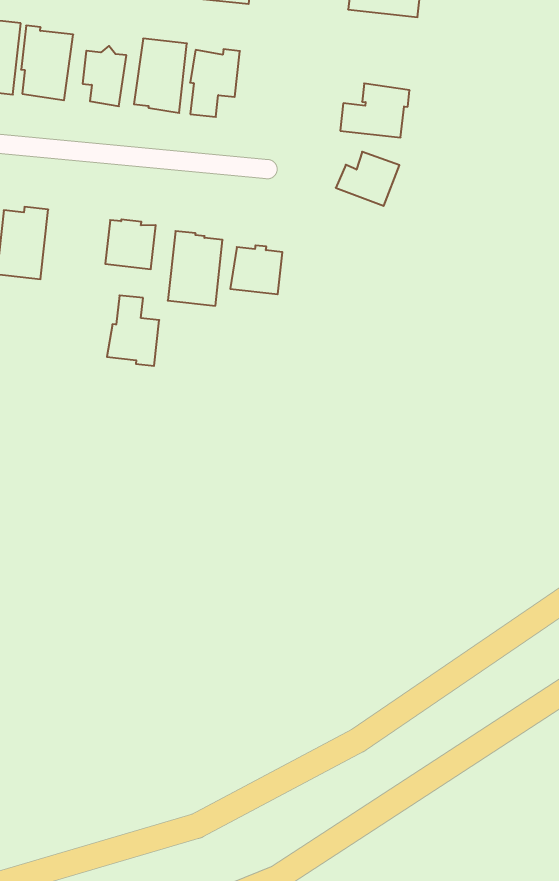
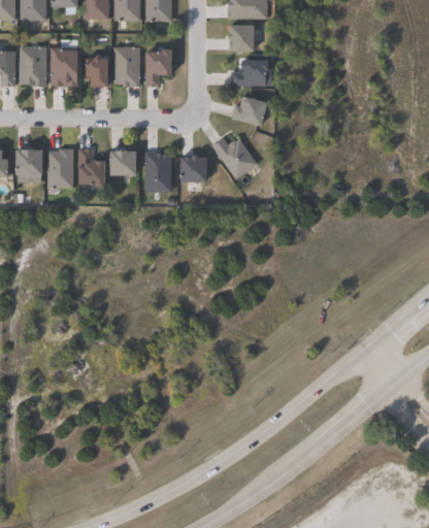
building: none -> [227,24,253,51]
building: none -> [213,138,258,179]
building: [107,295,159,366] -> [76,150,103,187]

